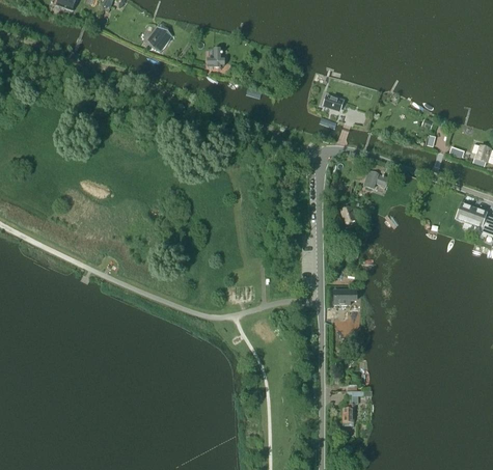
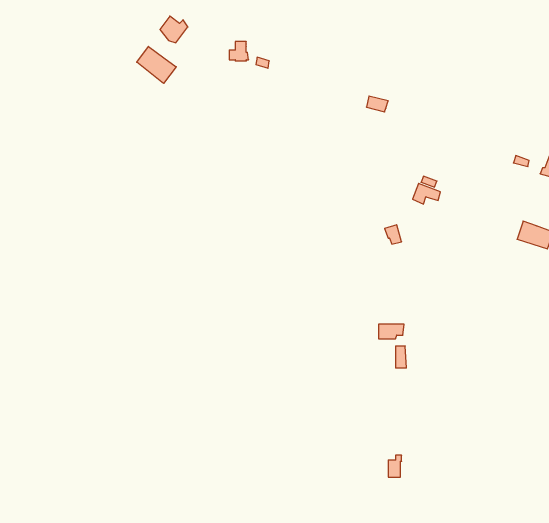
building: none -> [137,46,176,83]

